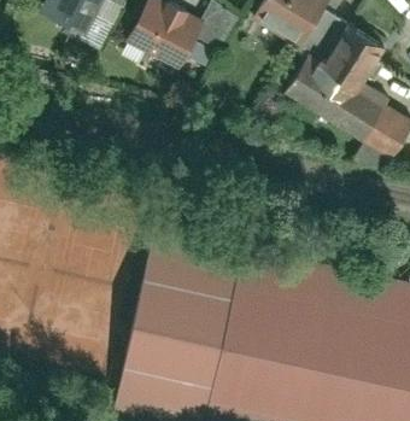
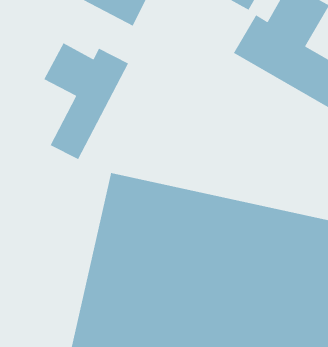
building: none -> [43,42,129,160]

